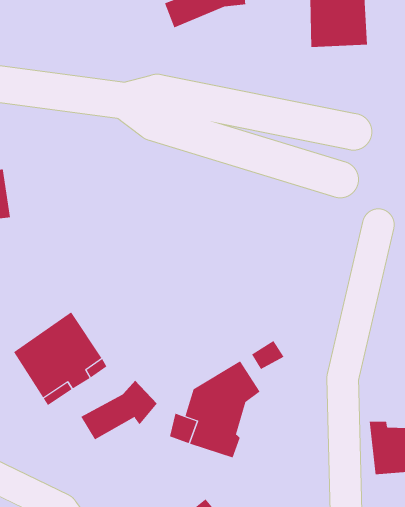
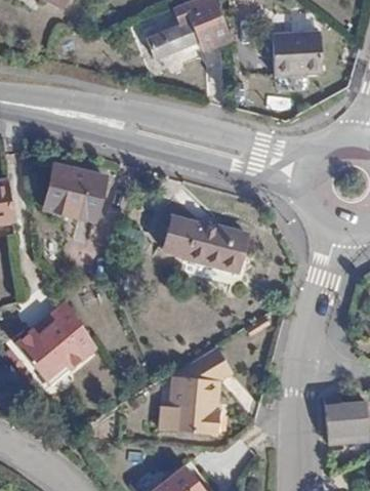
building: none -> [44,166,106,222]
building: none -> [164,215,248,274]
building: [80,380,157,440] -> none

